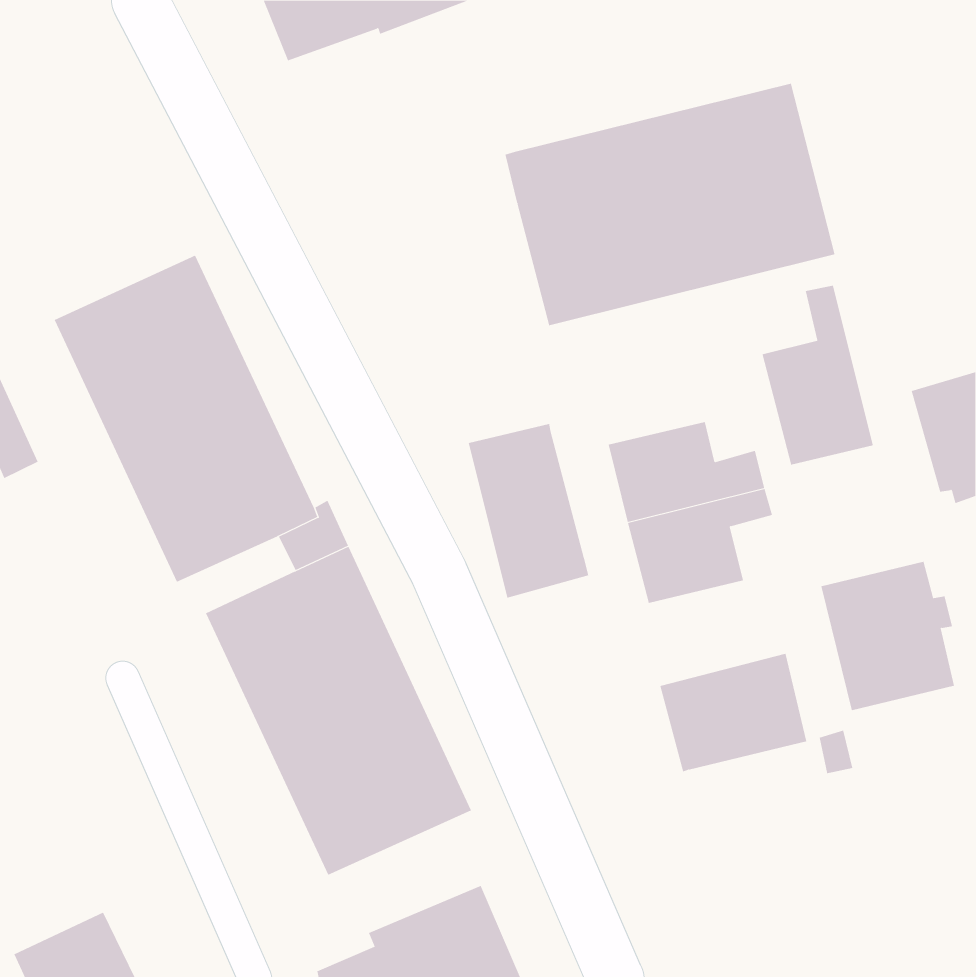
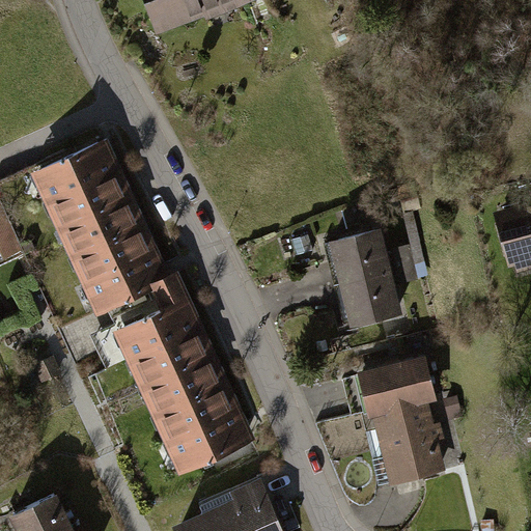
building: [505,83,835,326] -> none
building: [762,285,874,465] -> none
building: [468,423,589,598] -> none
building: [821,561,955,711] -> [372,404,445,485]

